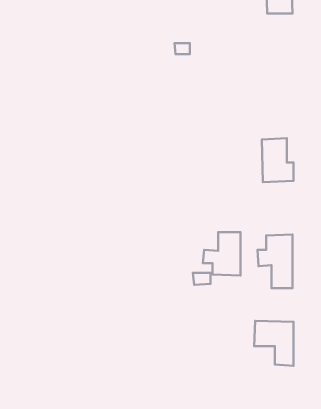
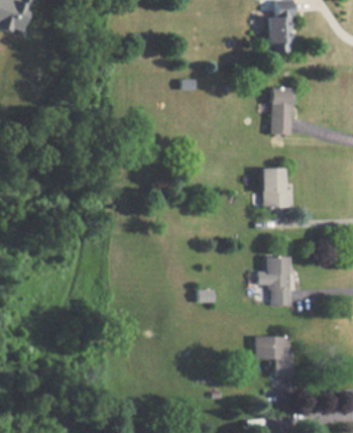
building: none -> [271,87,293,134]
building: [203,232,240,275] -> none

